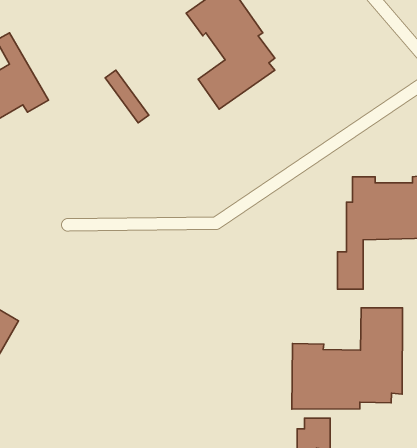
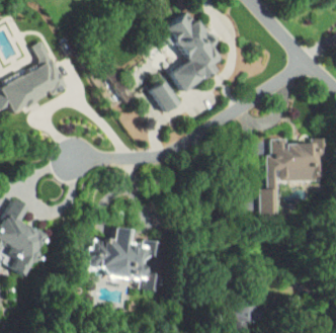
building: none -> [147,79,177,113]
building: [292,308,402,409] -> none
building: none -> [88,228,158,292]

